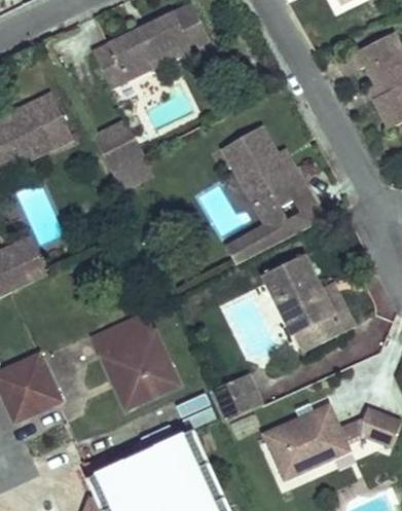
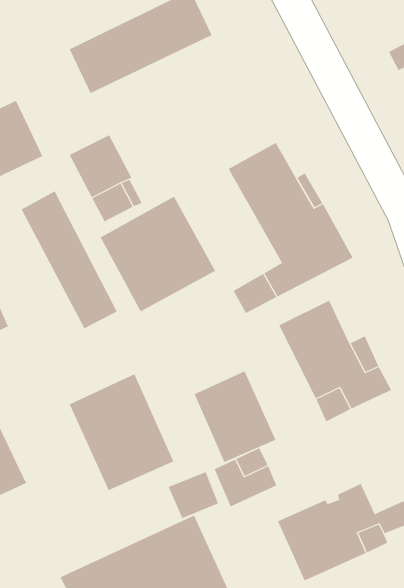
building: none -> [21,191,118,329]
building: none -> [100,196,216,312]
building: none -> [194,371,276,463]

